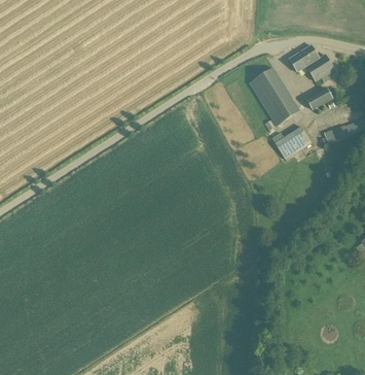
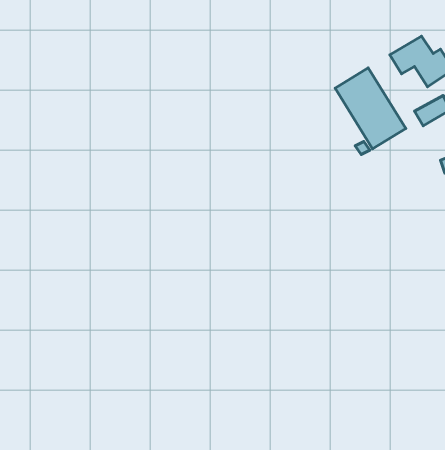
building: [276,128,311,159] -> none

